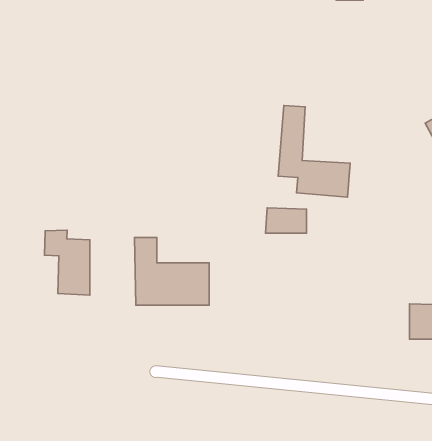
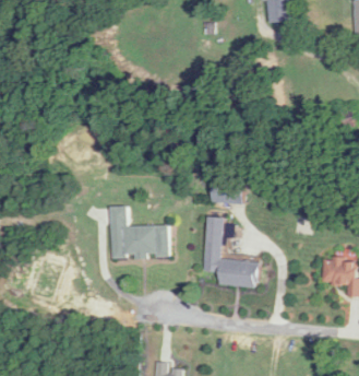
building: [278,105,350,197] -> [204,216,260,287]
building: [45,230,90,295] -> none

